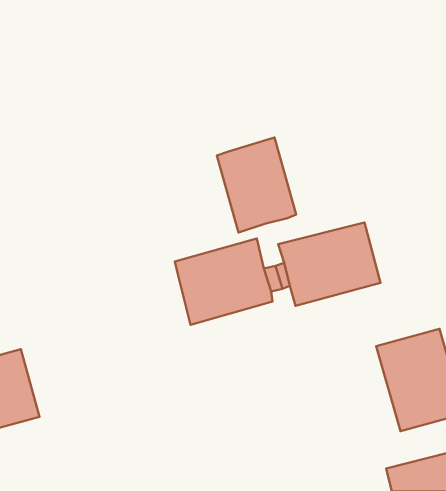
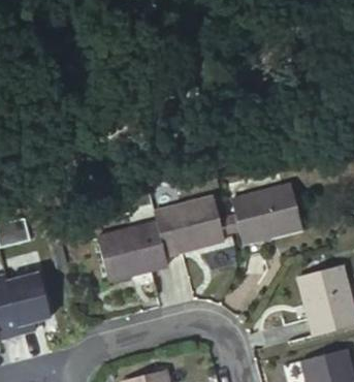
building: [217,137,296,232] -> none
building: none -> [94,221,166,283]

